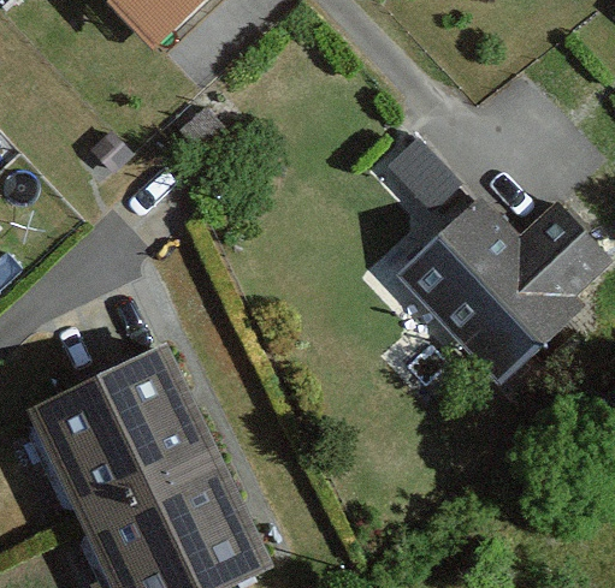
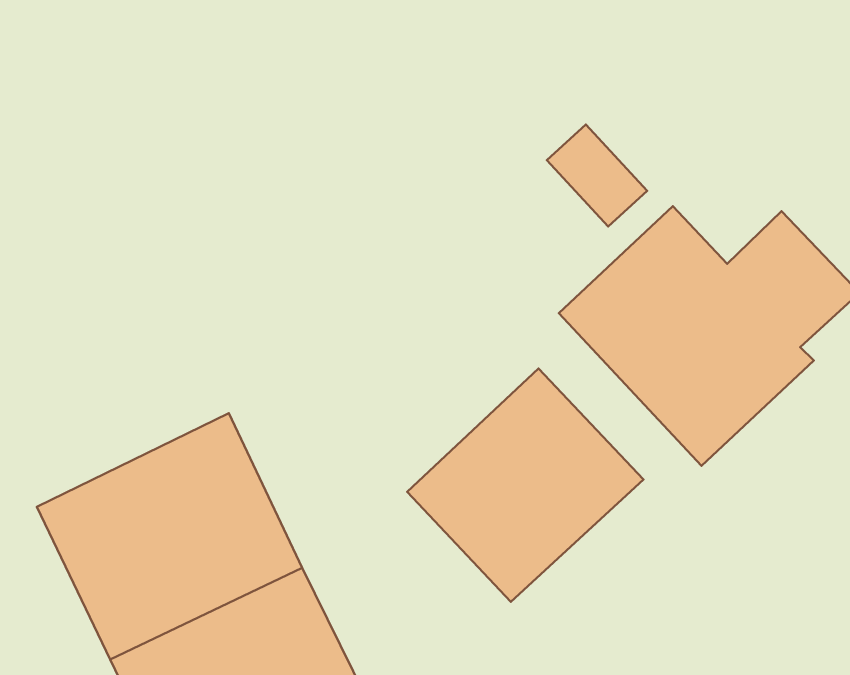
building: none -> [407,369,644,602]

